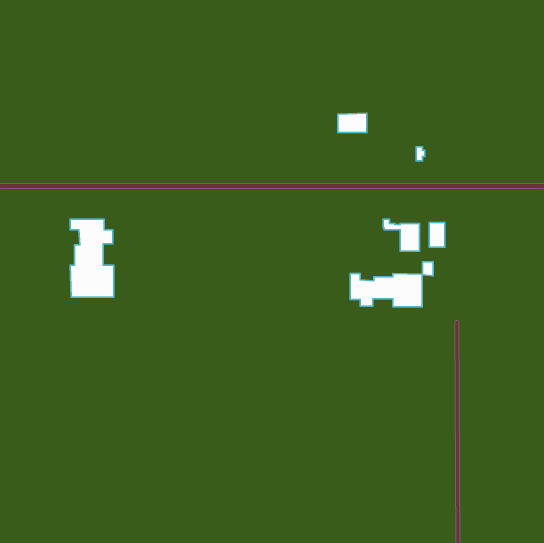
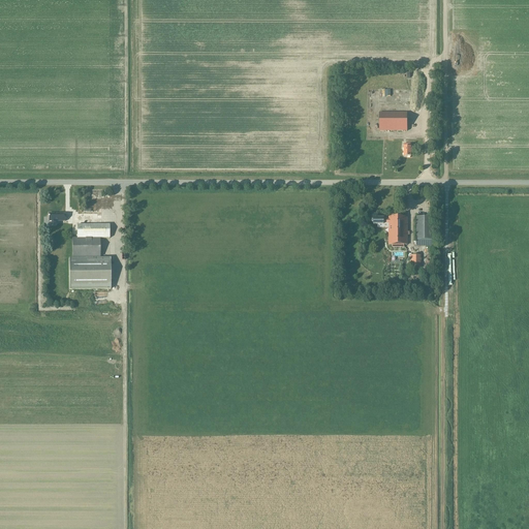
building: [338,113,367,132] -> [379,112,407,130]
building: [350,273,422,307] -> none

